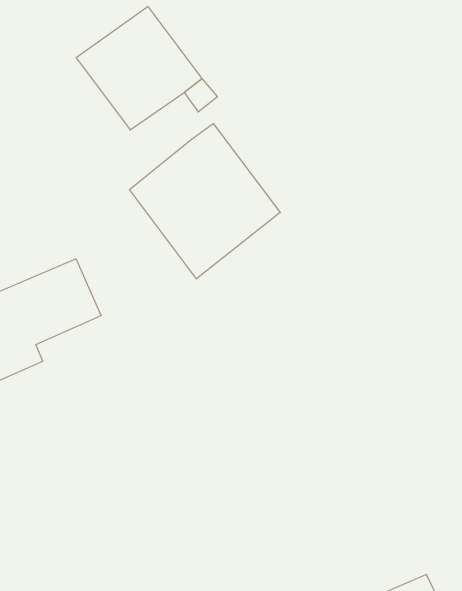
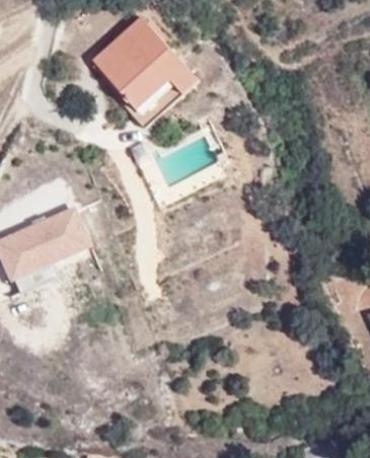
building: [129,123,280,279] -> none

